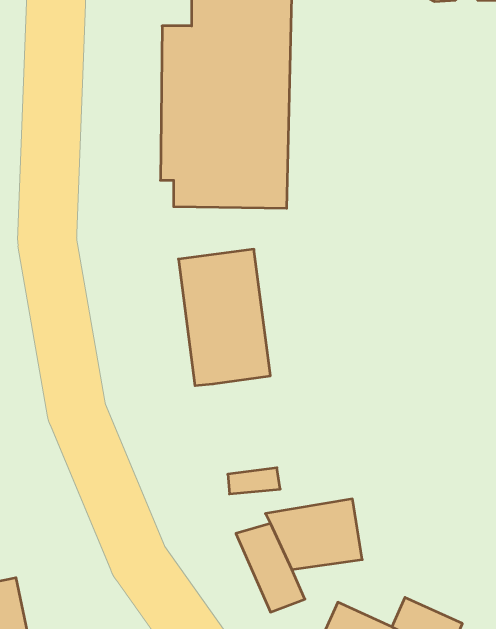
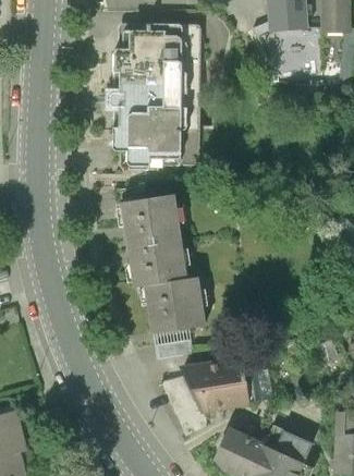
building: none -> [147,278,203,333]

